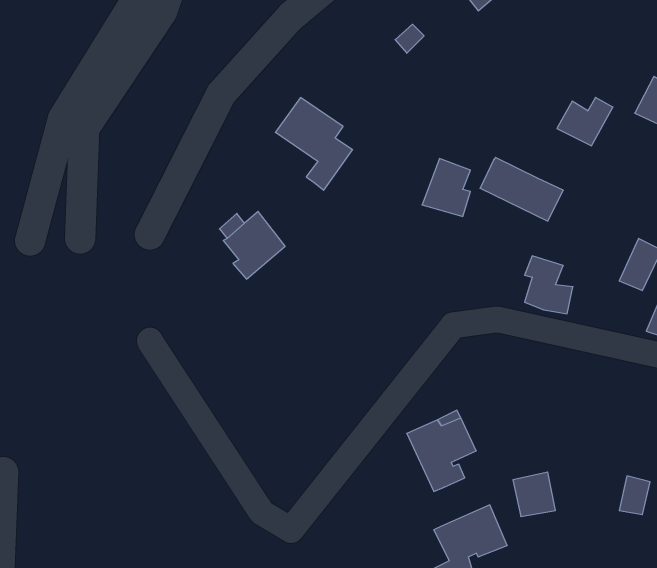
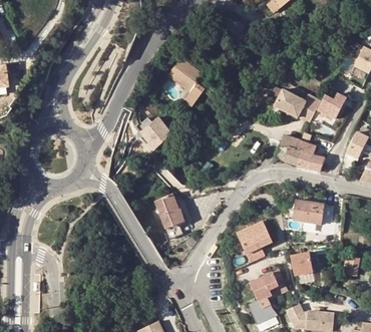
building: [557,97,613,146] -> [316,93,345,118]
building: [422,159,470,216] -> [276,134,301,164]
building: none -> [154,194,186,239]
building: none -> [292,201,334,226]

